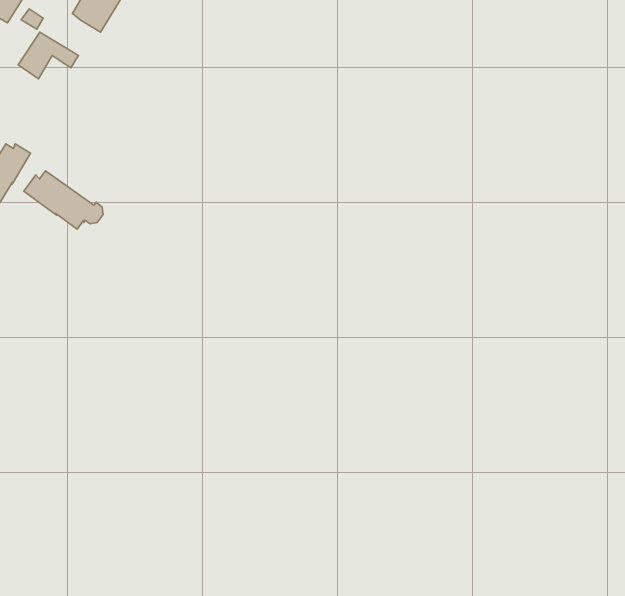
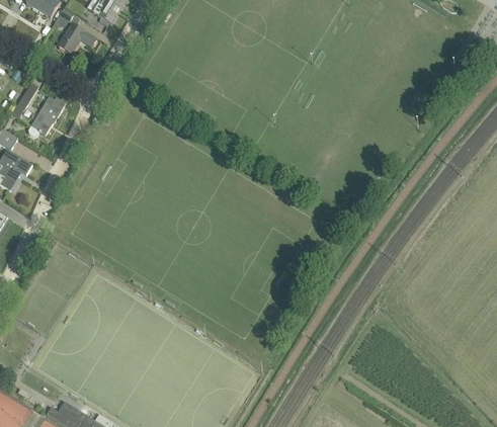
building: [24,171,103,229] -> none

